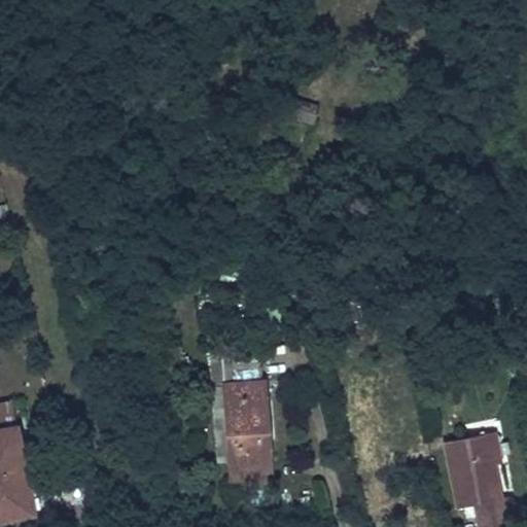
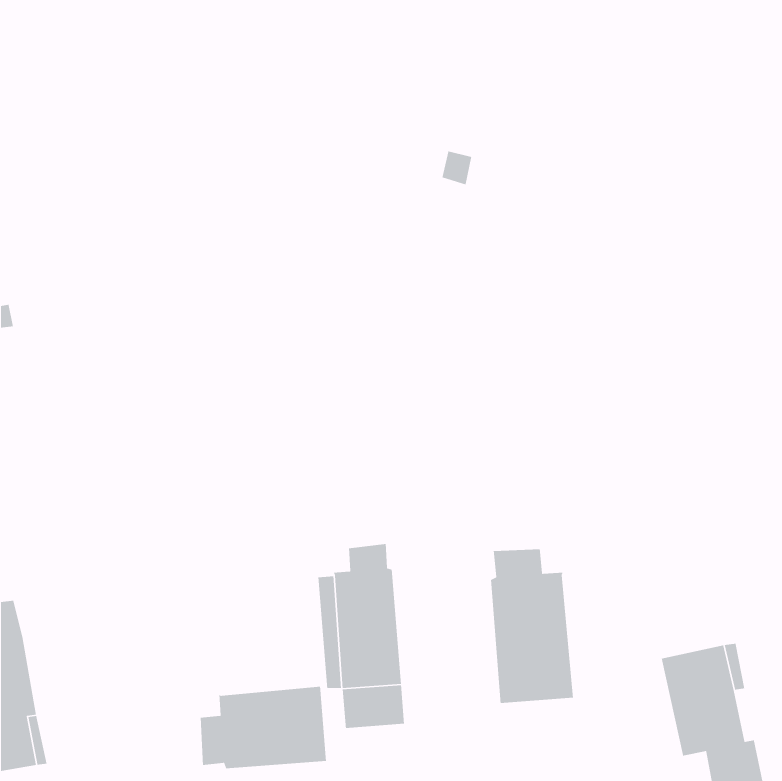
building: none -> [490,548,574,704]
building: none -> [200,686,327,769]

